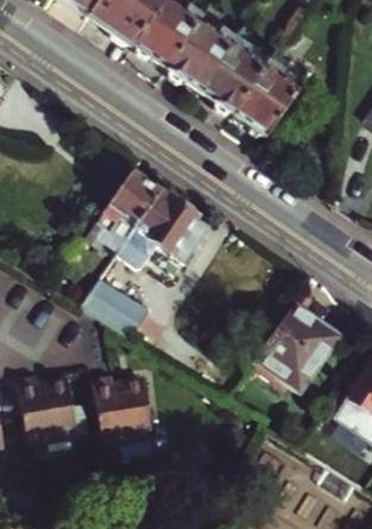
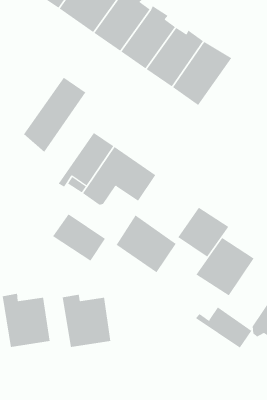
building: none -> [23,77,86,153]
building: none -> [178,207,229,258]
building: none -> [116,215,176,273]
building: none -> [195,307,252,349]

